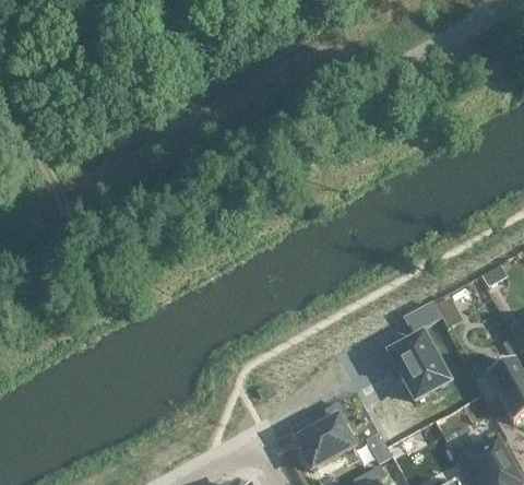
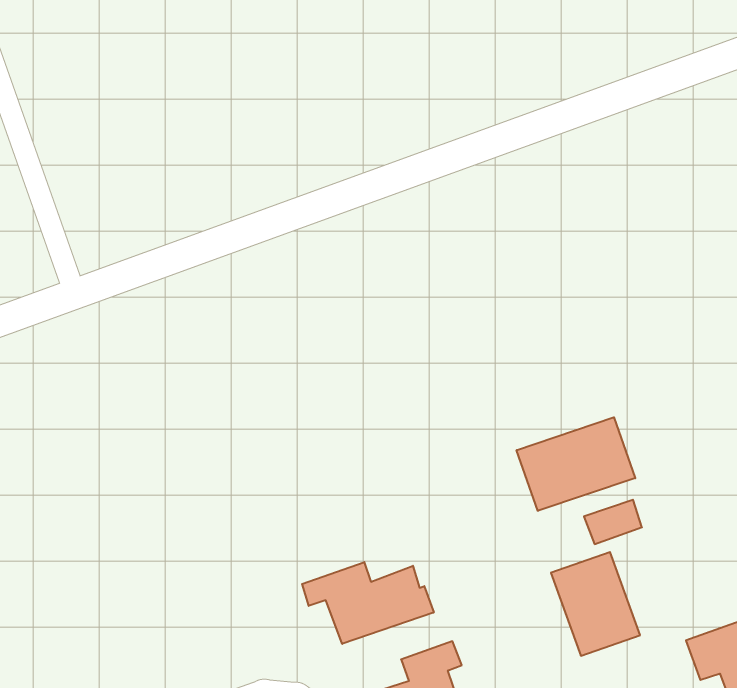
building: none -> [517,417,635,511]
building: none -> [302,562,434,644]

